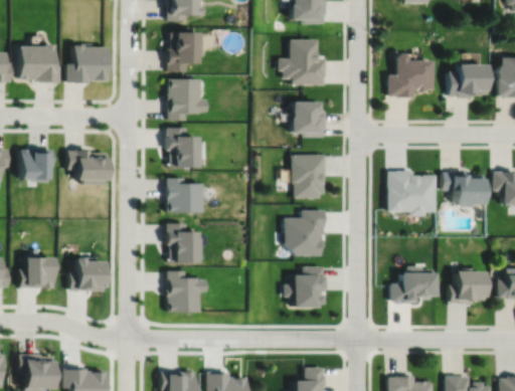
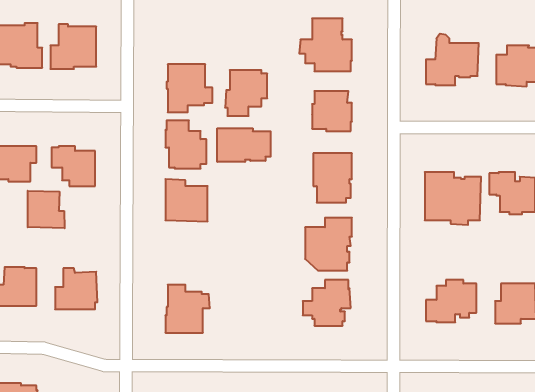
building: [166,32,202,71] -> [225,70,267,116]
building: none -> [217,128,271,162]
building: none -> [28,191,65,228]
building: [166,224,202,265] -> none

